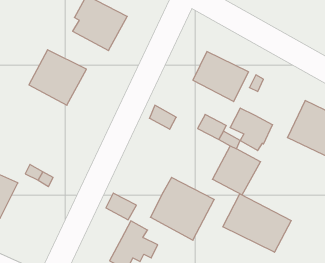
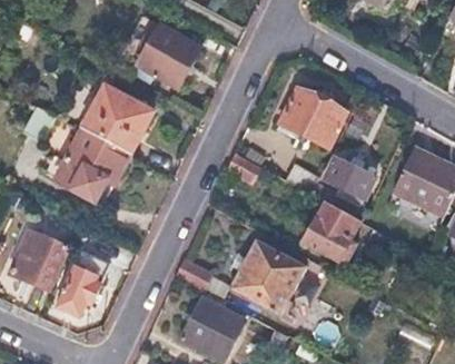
building: none -> [57,126,129,201]
building: [223,194,291,252] -> none
building: none -> [58,267,100,315]

